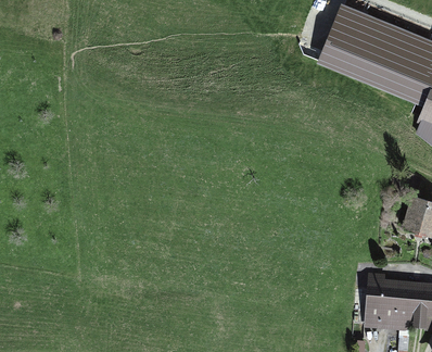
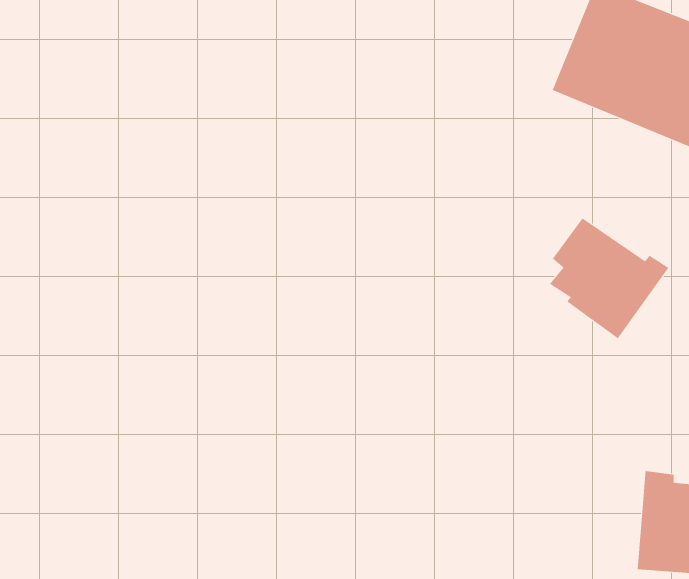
building: none -> [549,218,669,339]

